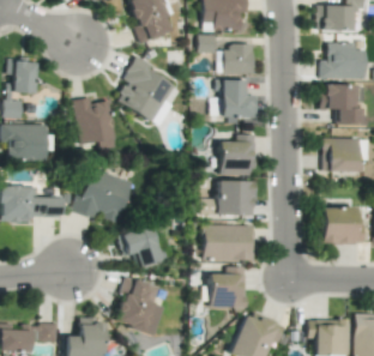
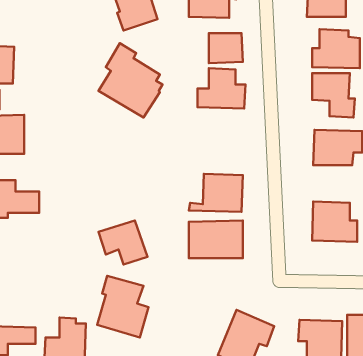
building: [73,97,119,149] -> none
building: [221,134,255,175] -> none
building: [72,168,134,225] -> none
building: [210,266,247,308] -> none

